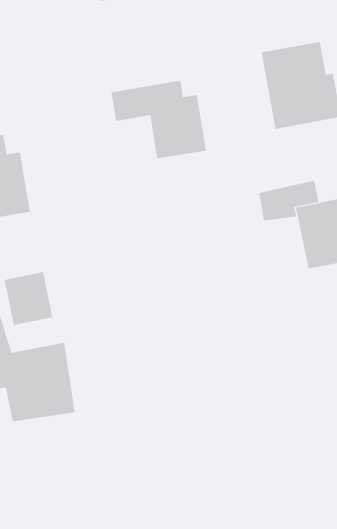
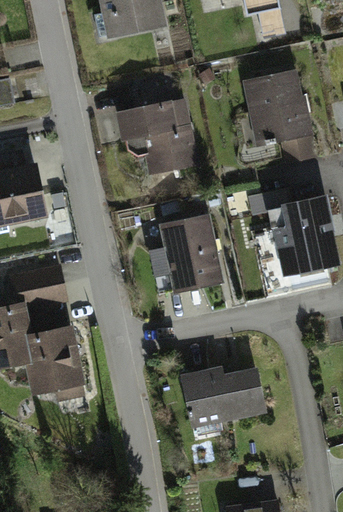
building: none -> [162,215,223,292]
building: none -> [180,368,264,425]

